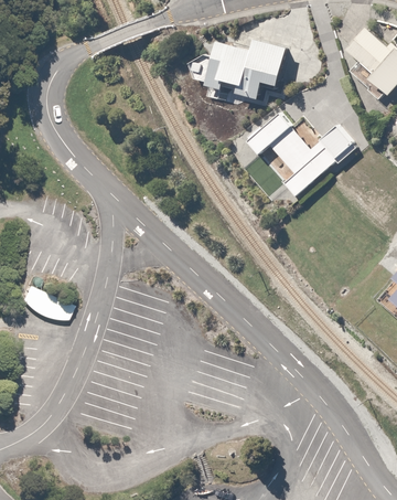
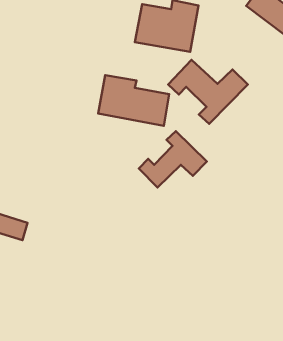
building: none -> [98,75,169,126]
building: none -> [139,131,207,188]

